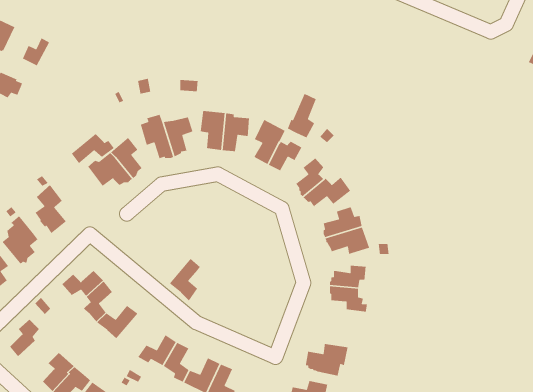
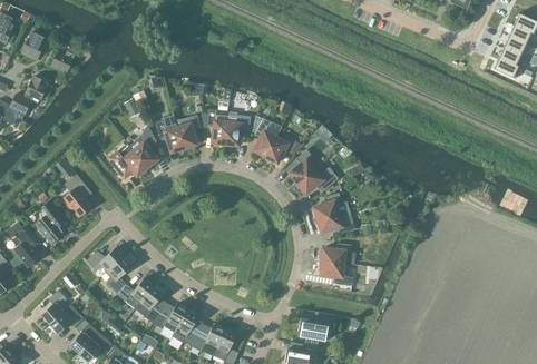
building: [287,93,317,139] -> none
building: [71,133,115,164] -> none
building: [169,258,201,301] -> [135,286,163,324]
building: none -> [49,304,84,333]

